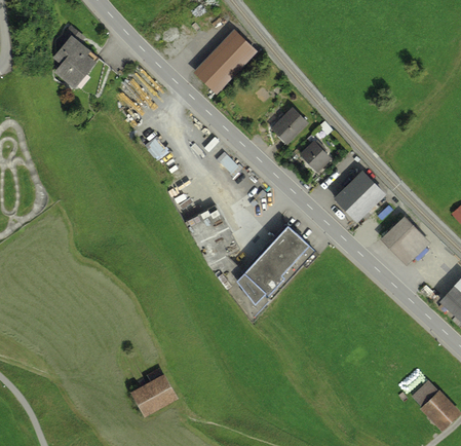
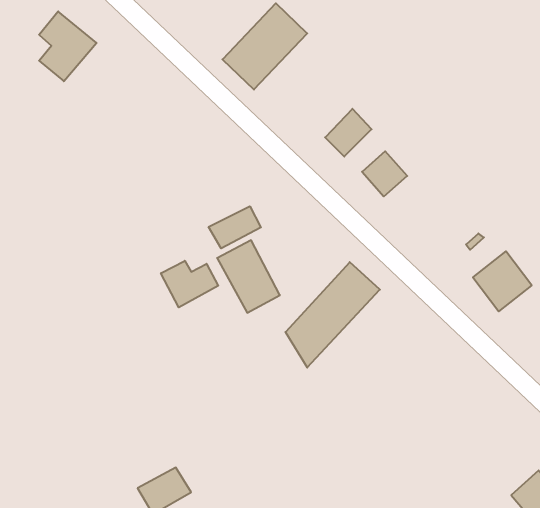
building: [335,175,380,220] -> none
building: none -> [209,206,261,248]
building: none -> [161,261,218,307]

